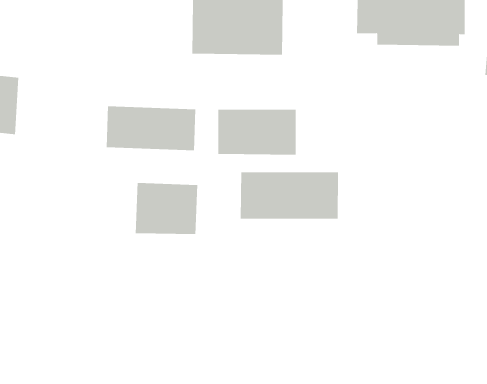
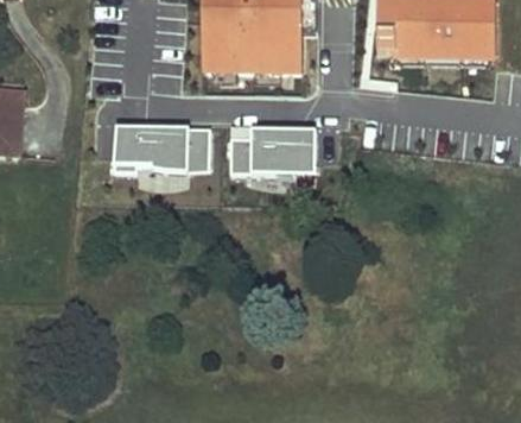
building: [240,171,339,219] -> none
building: [135,182,198,235] -> none

